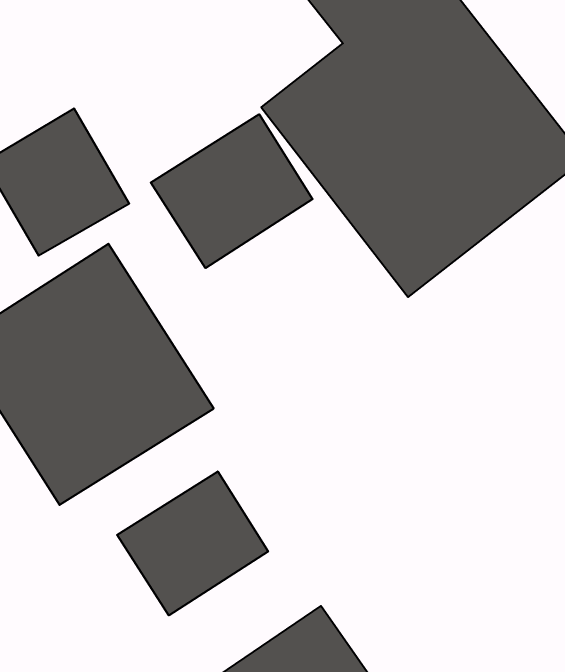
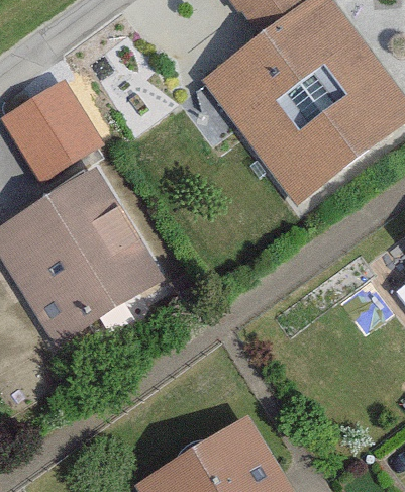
building: [151,114,313,268] -> none
building: [117,471,268,615] -> none

